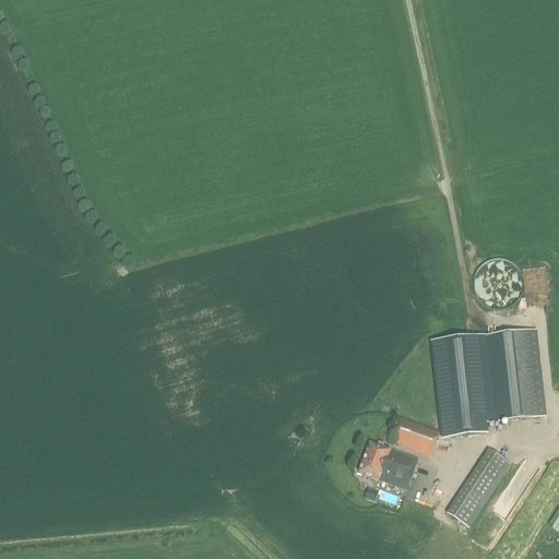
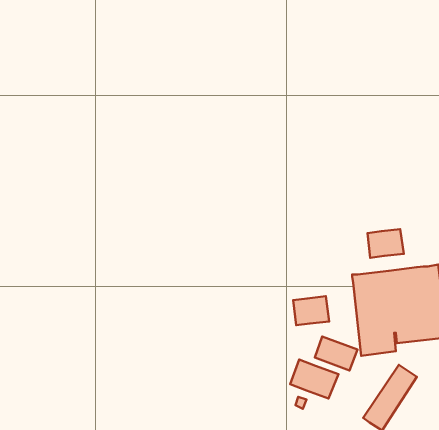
building: none -> [367,229,404,258]
building: none -> [293,296,329,325]

